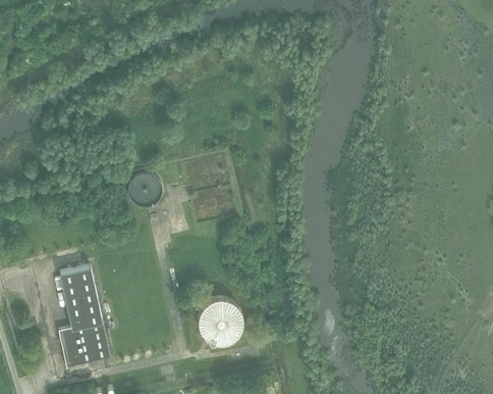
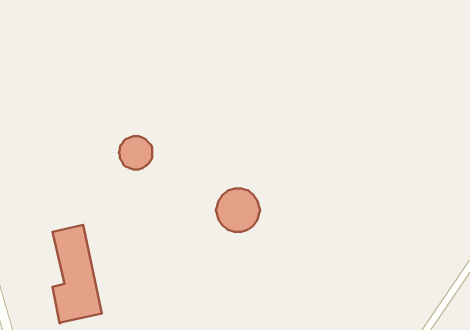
building: [198,299,243,344] -> [216,189,260,232]

